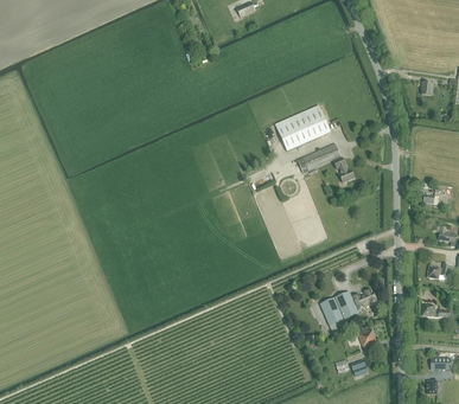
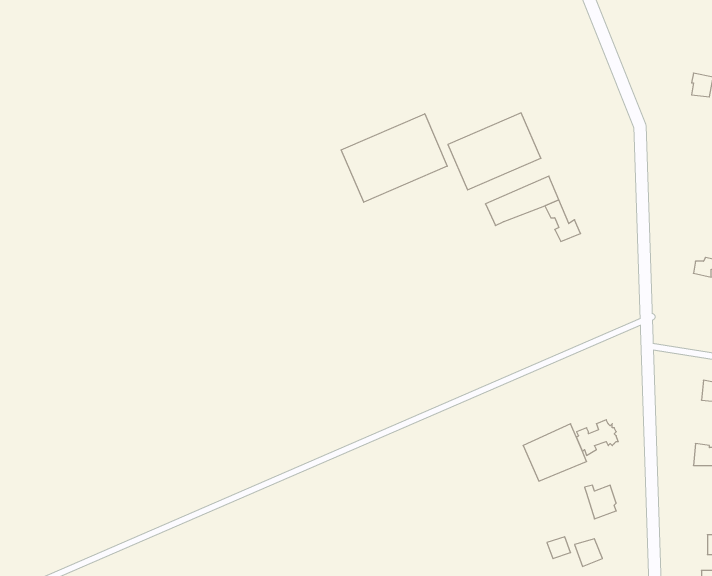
building: none -> [341,114,447,202]

